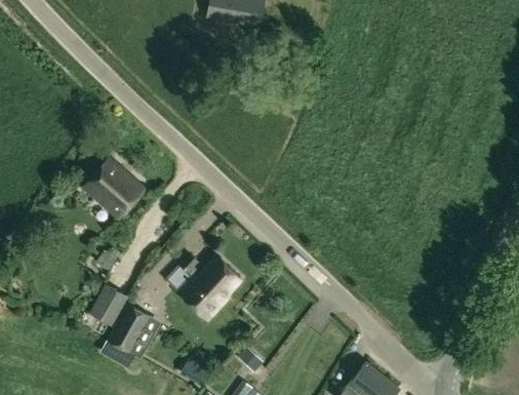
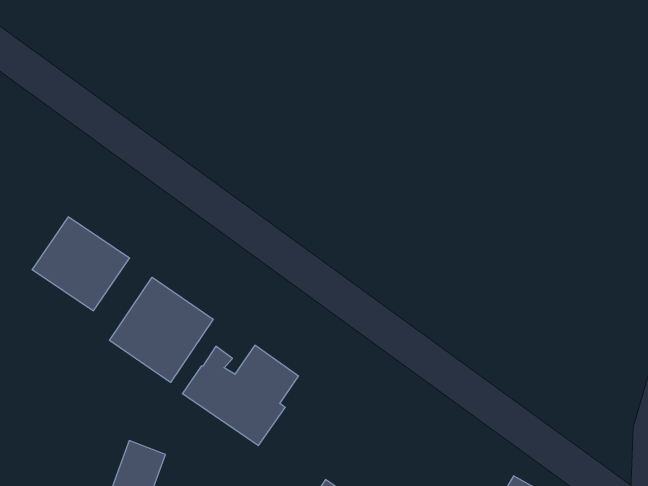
building: none -> [110,277,213,382]
building: [89,283,129,326] -> none

